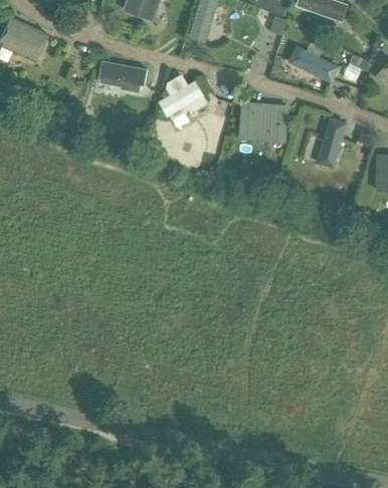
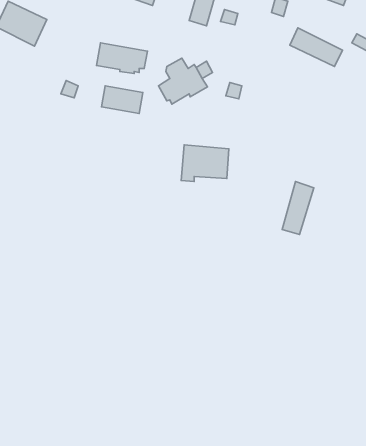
building: [240,101,287,138] -> [181,145,229,181]
building: none -> [101,86,143,113]
building: [316,117,347,170] -> [282,182,314,235]

